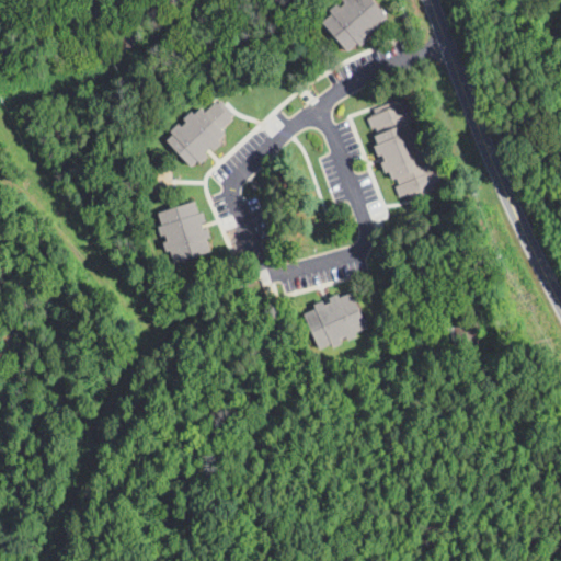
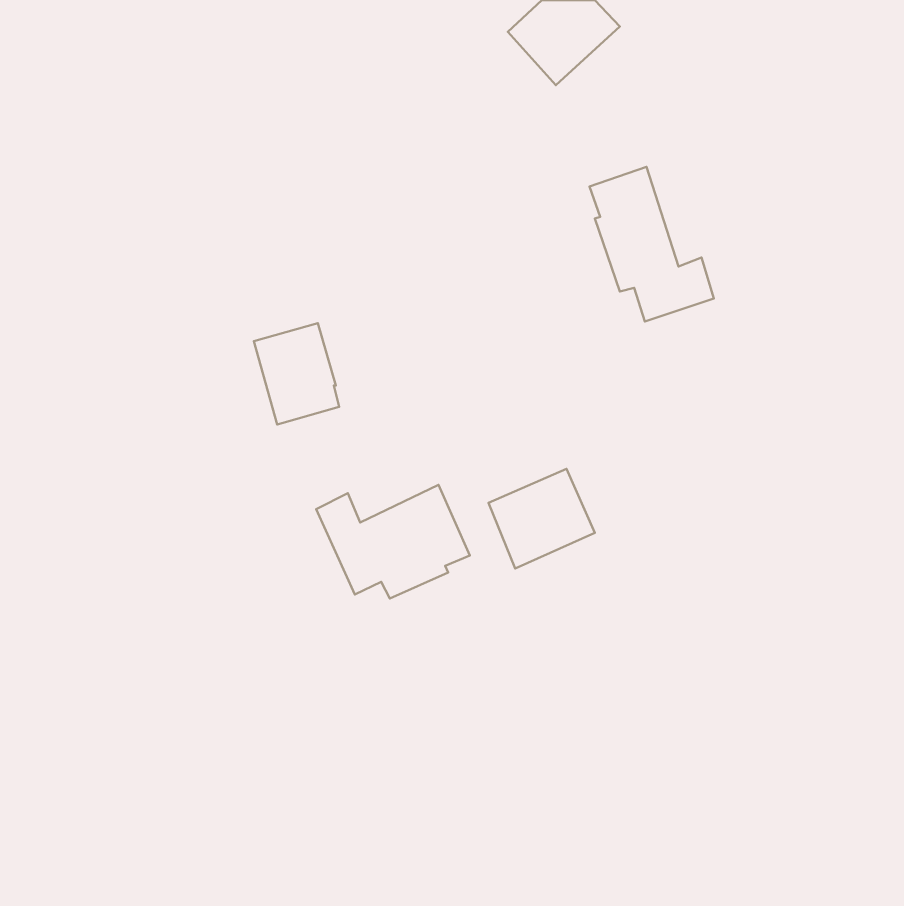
building: [161,98,238,170] -> none
building: none -> [316,485,470,598]

